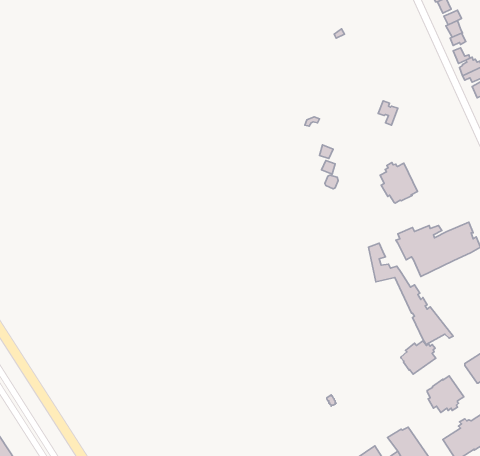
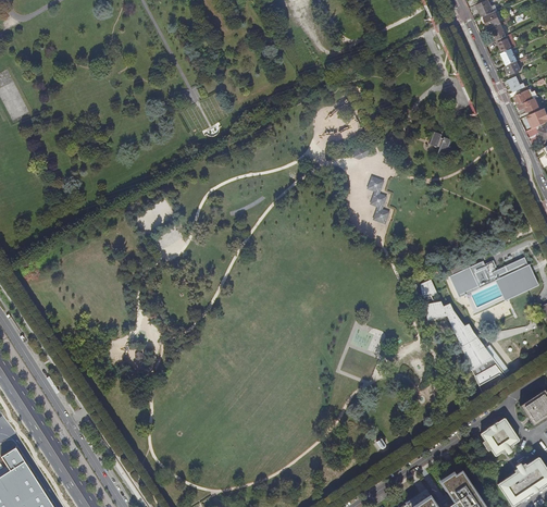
building: [380,162,417,203] -> none
building: [401,341,436,374] -> none

